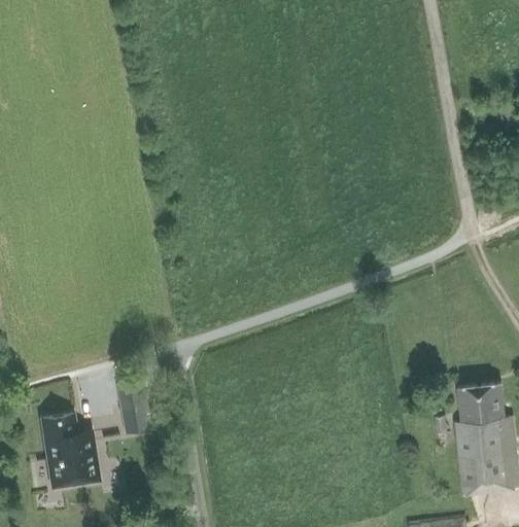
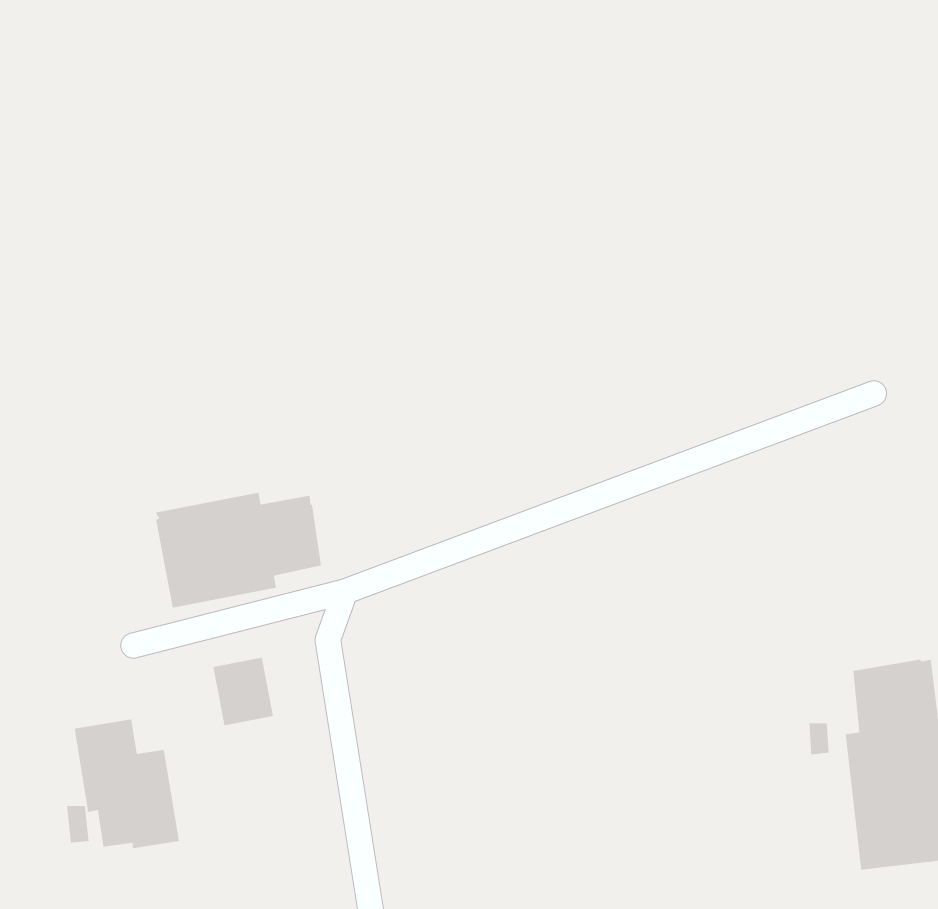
building: none -> [155,492,322,608]

